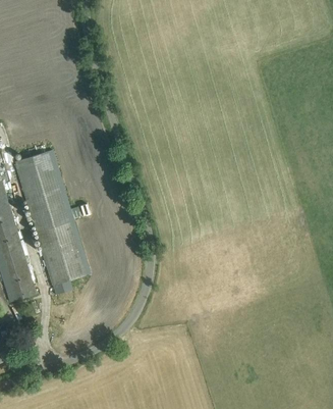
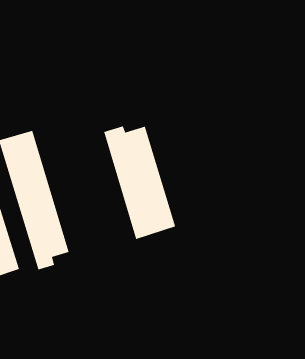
building: none -> [104,125,176,240]

